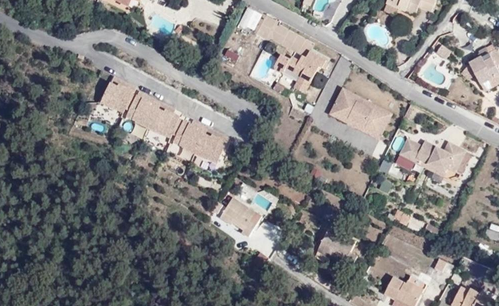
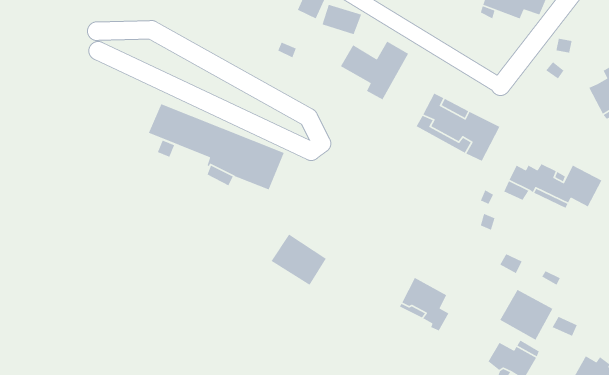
building: [101,75,135,109] -> none
building: none -> [499,289,553,341]

